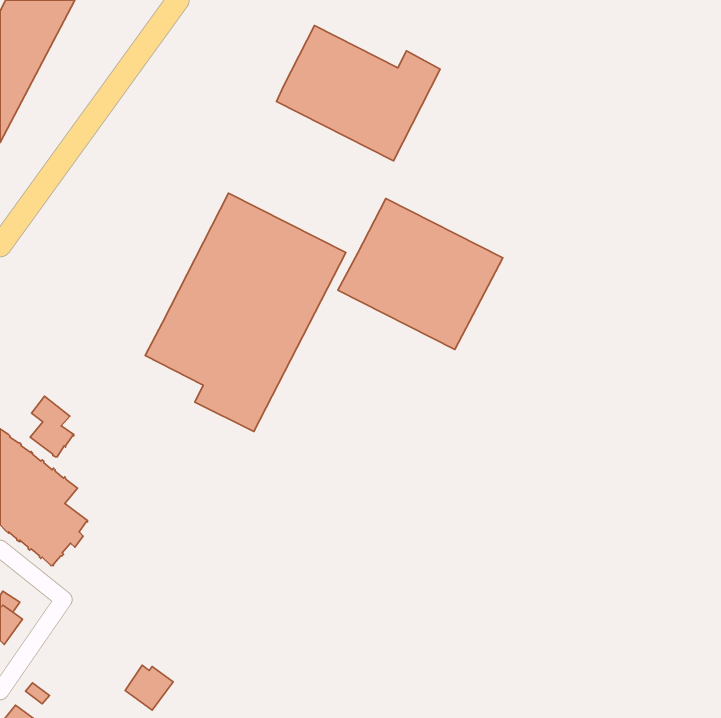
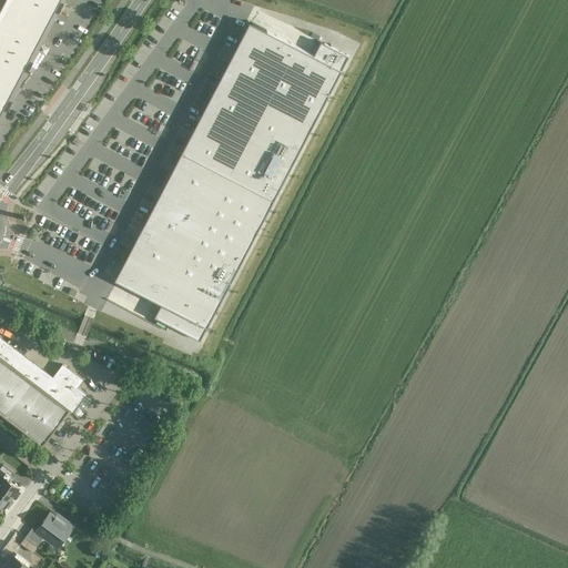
building: [338,199,503,350] -> [180,82,310,201]
building: [30,396,74,457] -> [51,366,85,414]
building: [125,665,173,710] -> [36,513,73,548]

